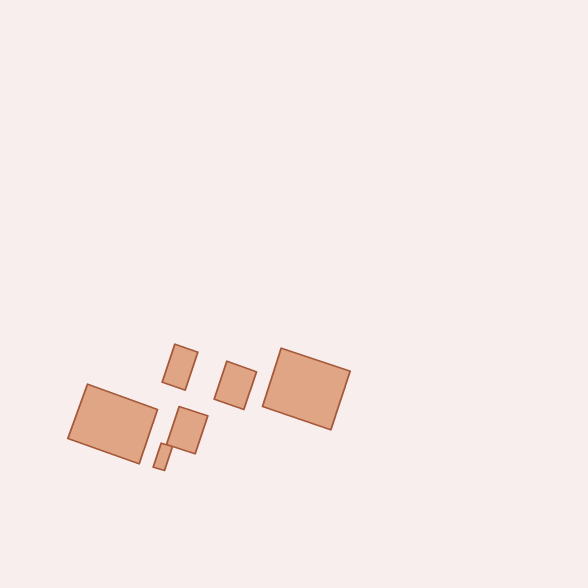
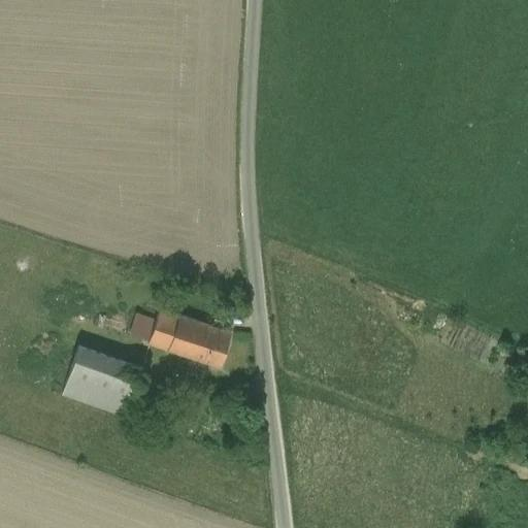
building: [262,348,350,430] -> none
building: [166,407,208,454] -> [166,316,203,358]

